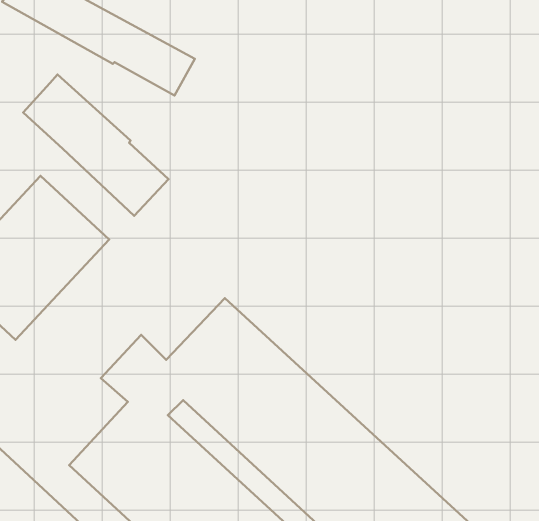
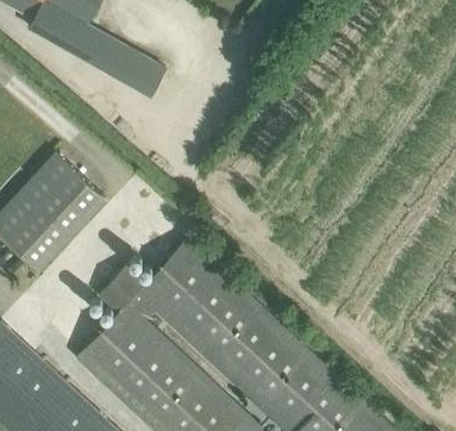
building: [23,74,169,216] -> none

